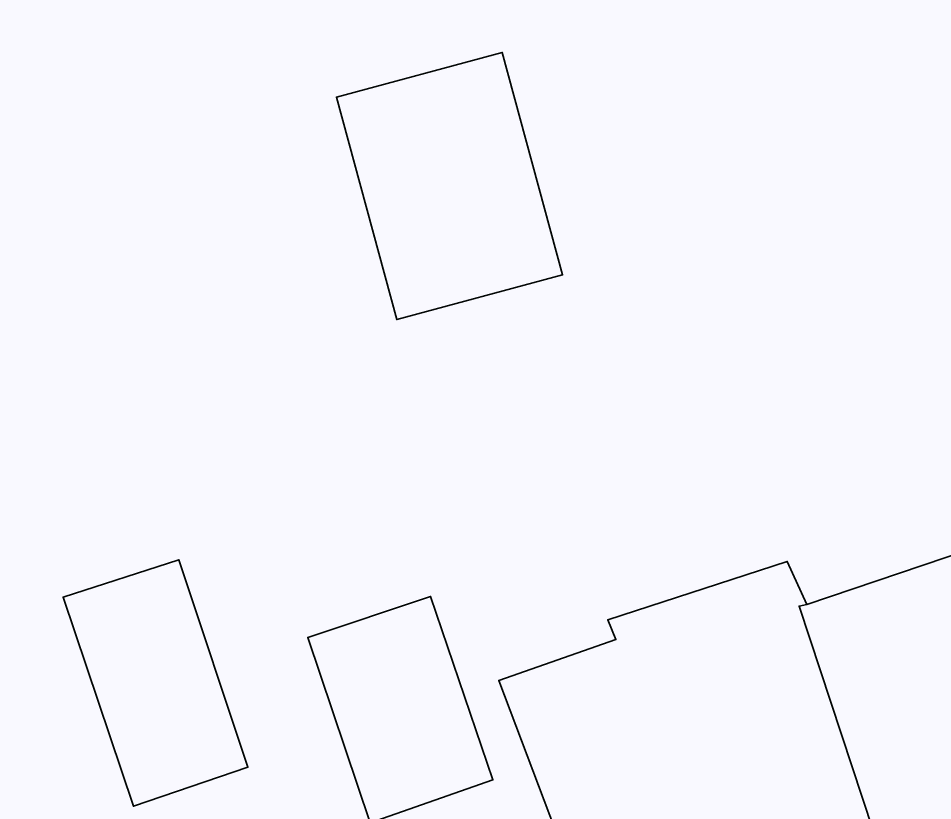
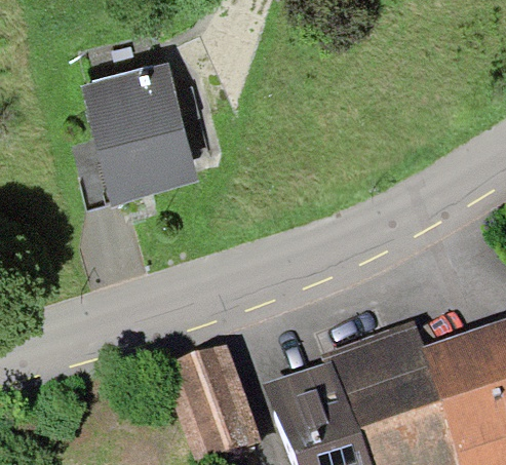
building: [336,52,562,320] -> [80,63,199,203]
building: [63,560,248,806] -> none

